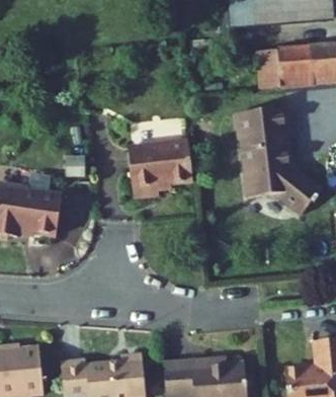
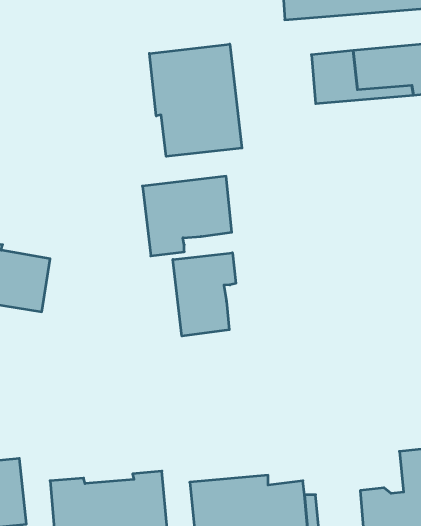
building: none -> [149,44,242,156]
building: [235,100,317,209] -> none
building: none -> [173,253,236,336]

